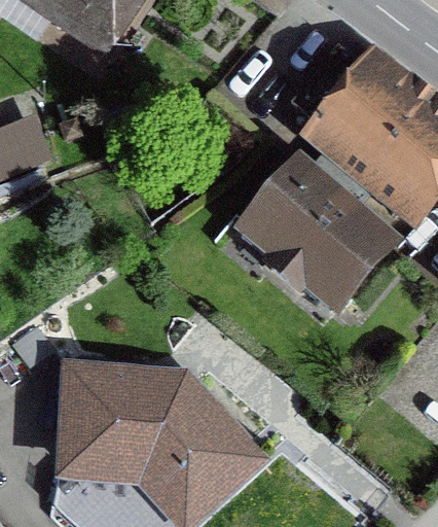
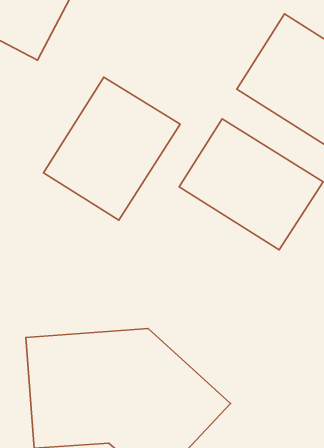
building: none -> [44,77,180,220]

